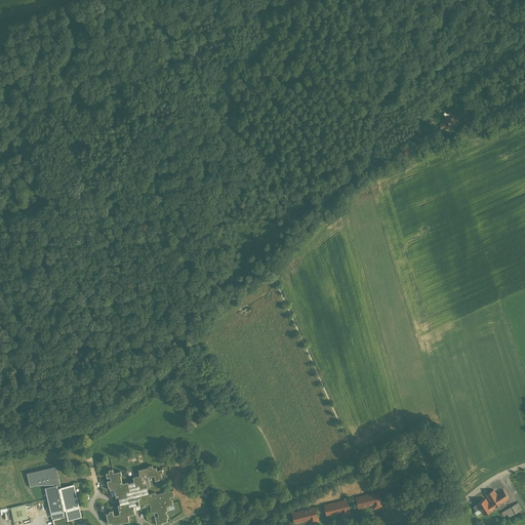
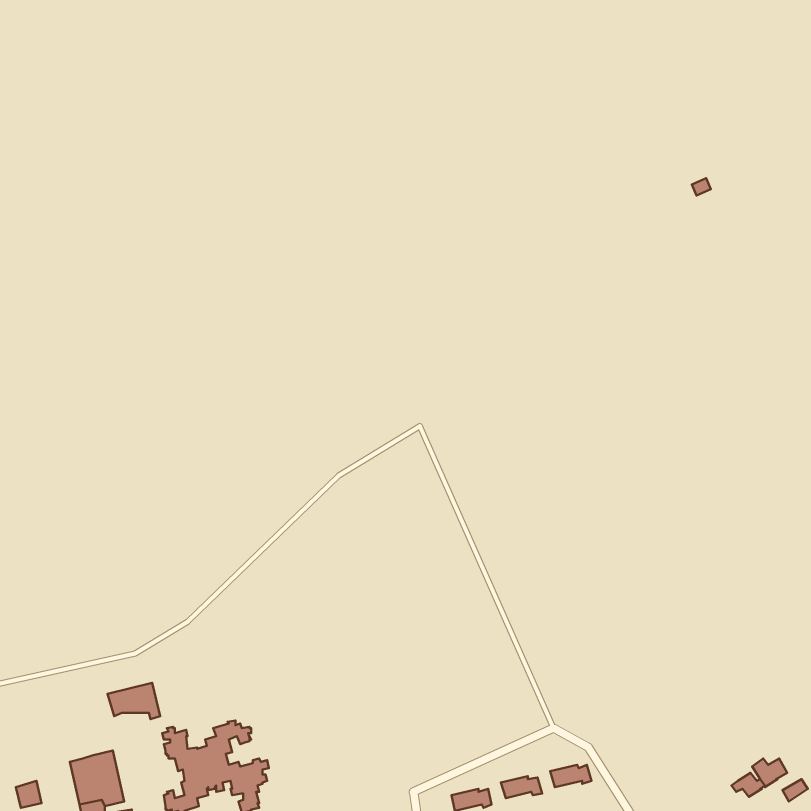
building: [26,467,59,490] -> [108,683,160,719]

